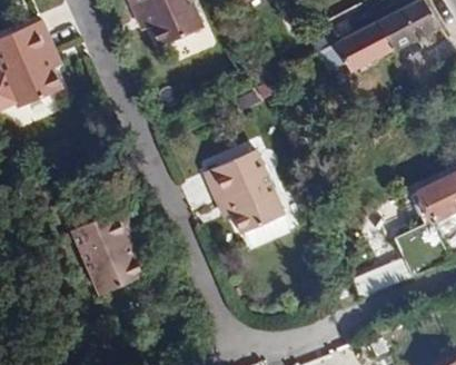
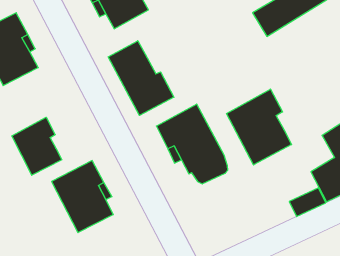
building: none -> [108,41,174,115]
building: none -> [227,89,292,165]
building: none -> [12,117,62,175]

